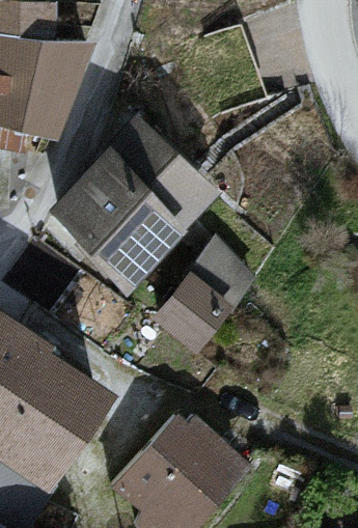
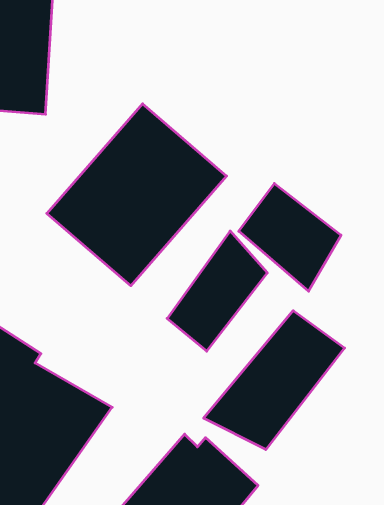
building: none -> [239,183,341,291]
building: none -> [204,311,345,450]

